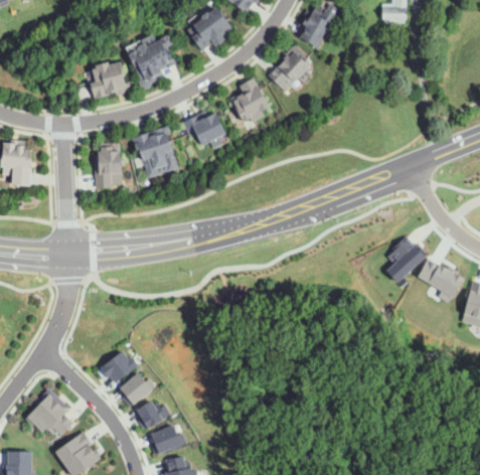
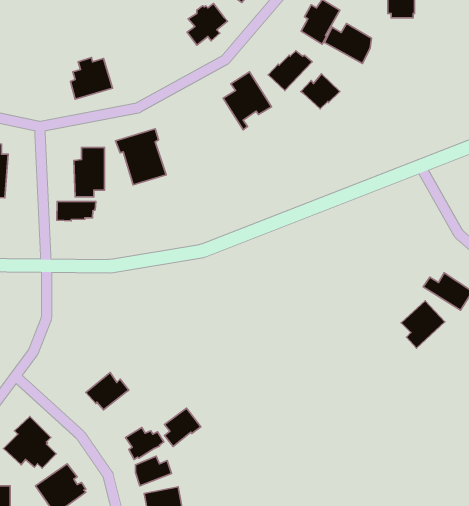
building: none -> [324,24,371,63]
building: [127,33,174,86] -> none
building: none -> [301,74,340,109]
building: [182,111,227,148] -> none
building: none -> [57,202,96,221]
building: [378,234,419,278] -> [401,301,445,348]
building: [123,371,156,407] -> [164,408,201,447]

